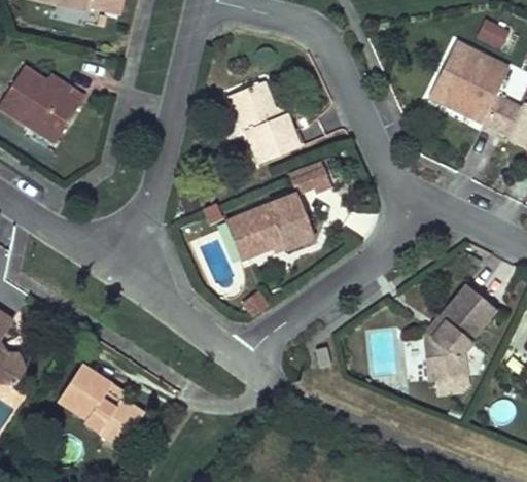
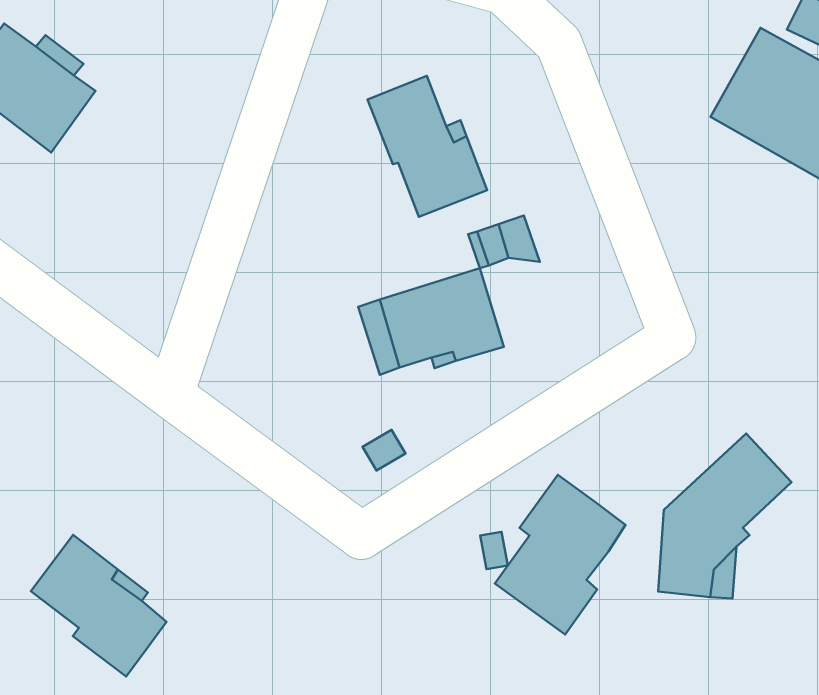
building: none -> [495,475,626,634]

